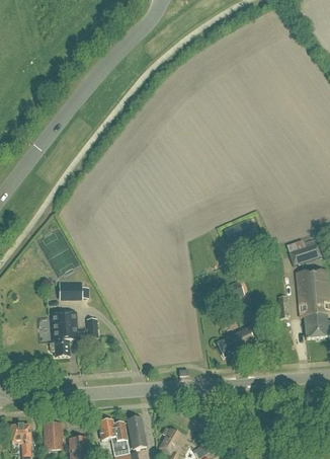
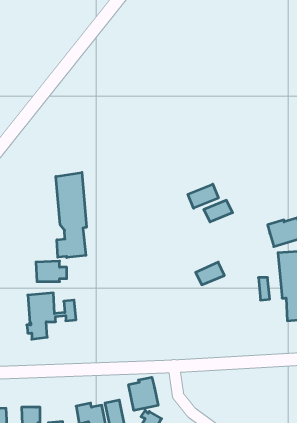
building: none -> [56,172,86,258]
building: none -> [188,184,218,208]
building: [216,324,256,357] -> none
building: none -> [129,377,158,410]

